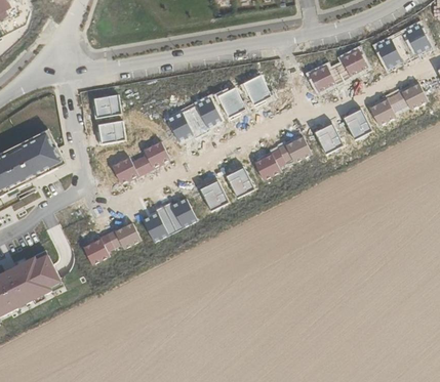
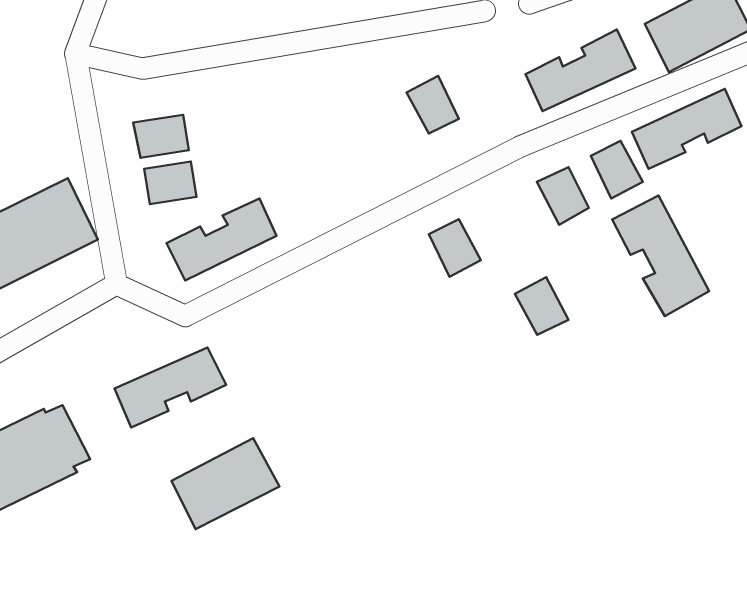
building: [215,86,244,118] -> none
building: [164,93,223,143] -> none
building: [282,132,312,164] -> [515,277,569,335]
building: none -> [612,195,709,316]
building: [224,165,252,197] -> none
building: [198,177,227,209] -> none
building: [139,193,199,243] -> [171,438,279,529]

